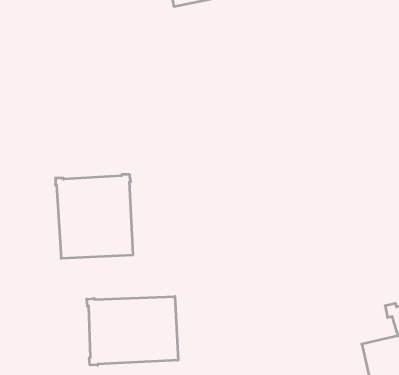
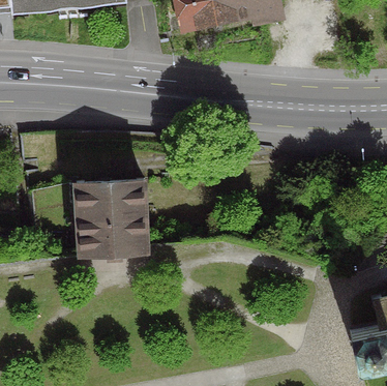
building: [87,296,178,365] -> none

